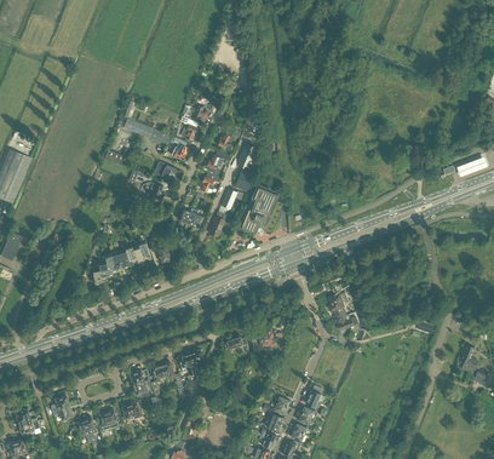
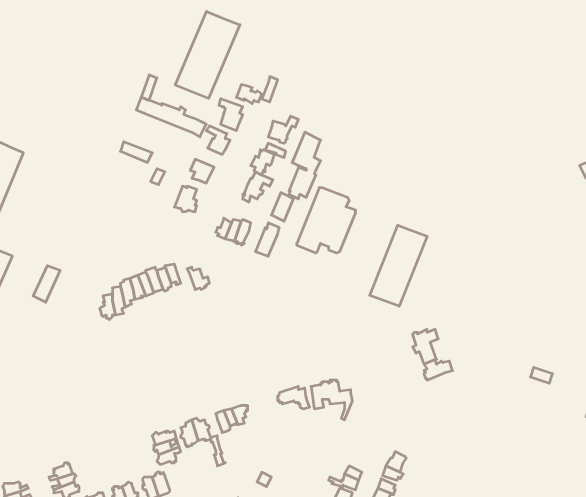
building: none -> [175,11,240,98]
building: none -> [370,225,427,306]

